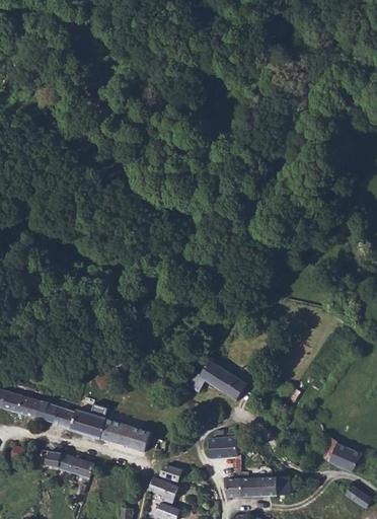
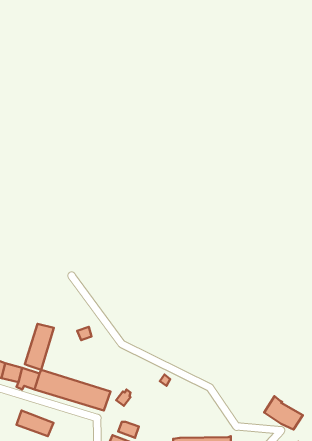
building: none -> [25,324,54,370]
building: [182,361,243,398] -> none
building: [204,433,232,460] -> none

